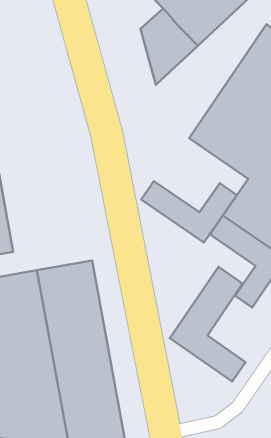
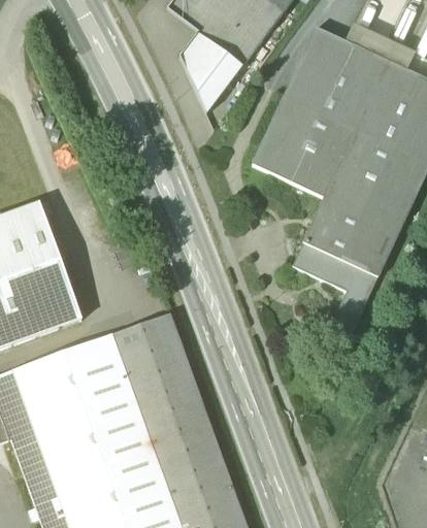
building: [141,181,237,242] -> none
building: [170,267,246,382] -> none

